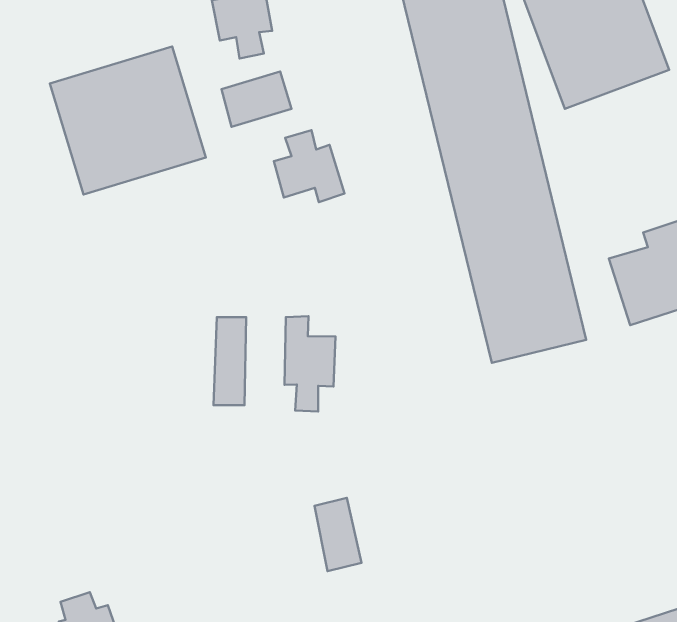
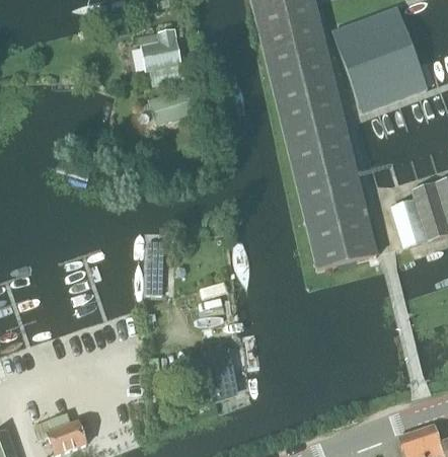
building: [50,46,206,195] -> none
building: [274,130,344,202] -> none
building: [285,316,335,412] -> none

